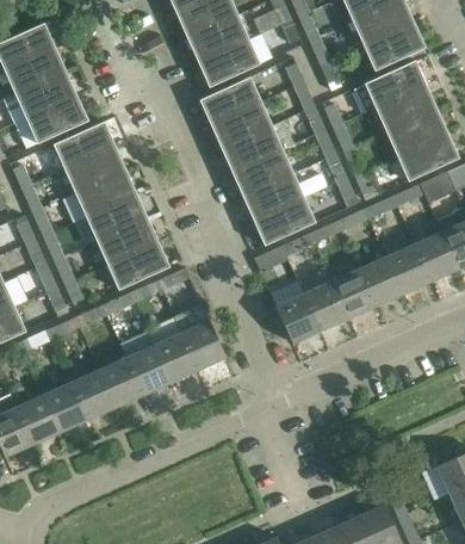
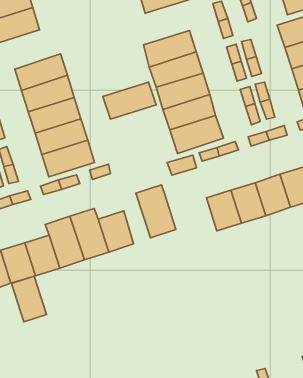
building: [198,76,261,124] -> [103,82,156,119]
building: [52,120,114,169] -> none
building: [268,280,320,344] -> [136,185,176,238]
building: none -> [12,276,47,322]

